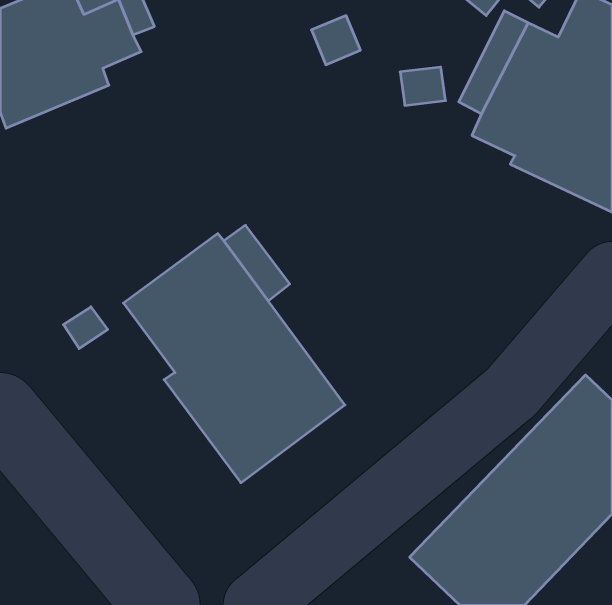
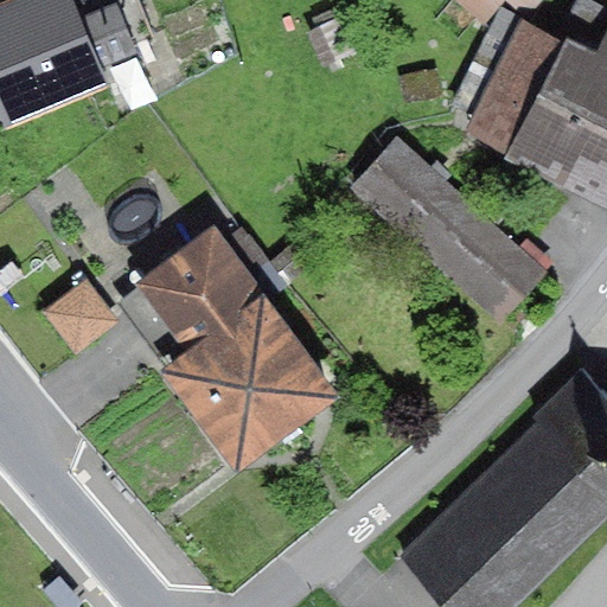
building: none -> [352,135,558,321]

